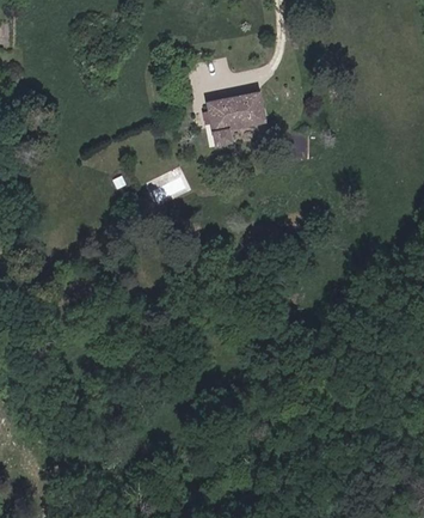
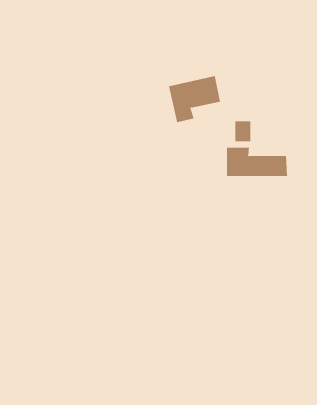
building: none -> [227,147,287,177]

